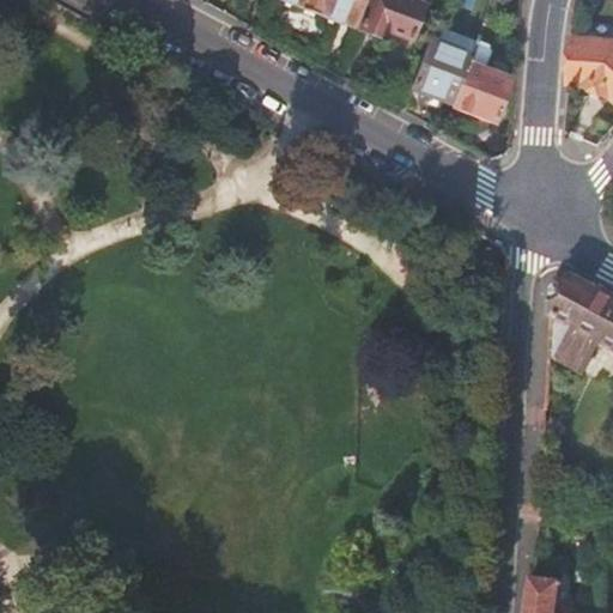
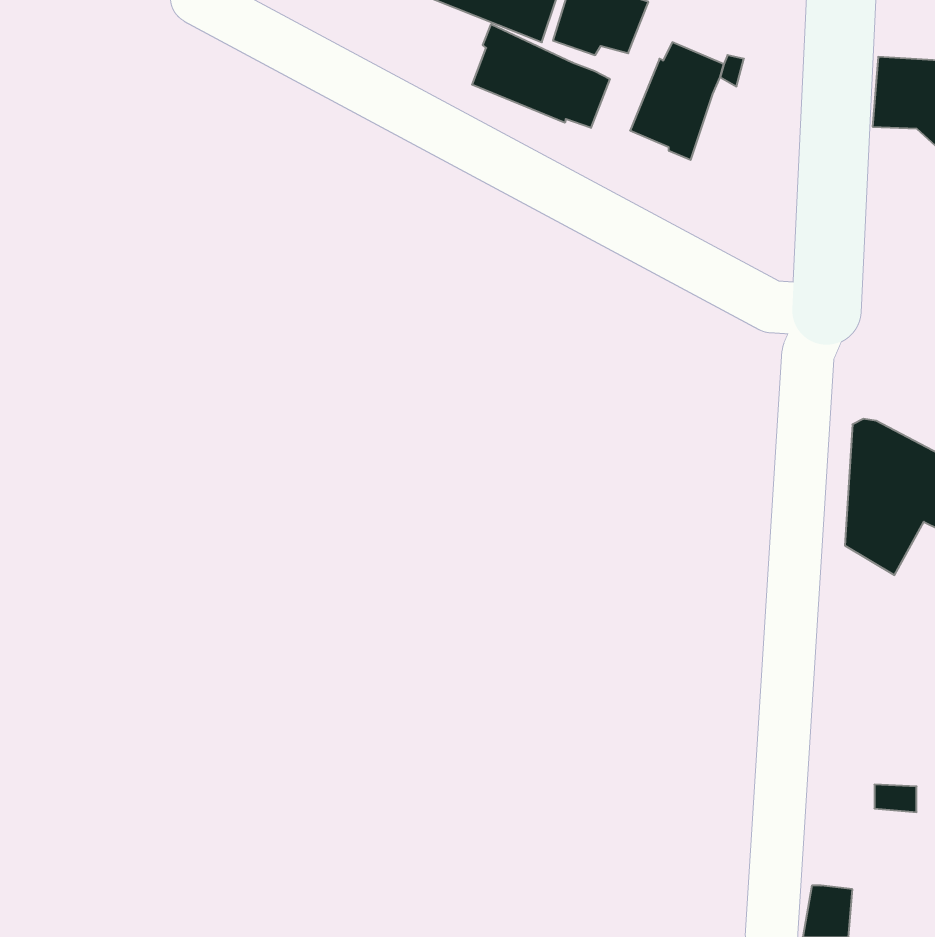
building: none -> [472,24,610,128]
building: [453,61,511,121] -> none

